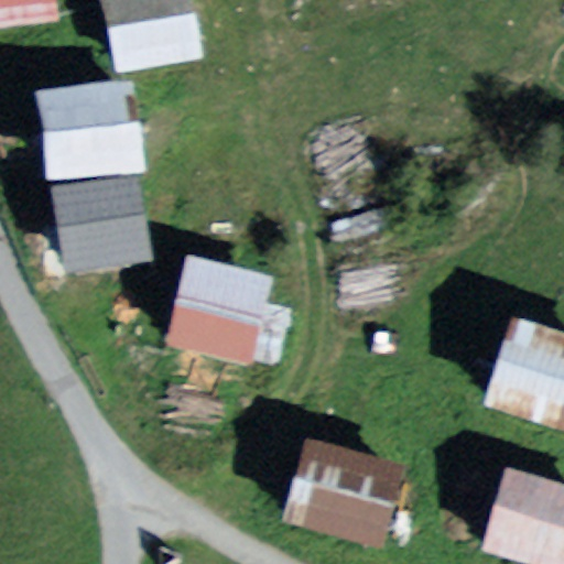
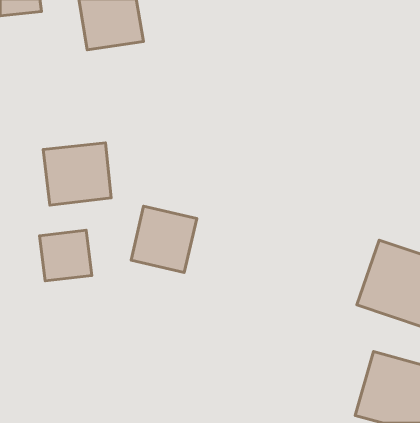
building: [52,91,142,174] -> none
building: none -> [40,230,92,281]
building: [280,435,403,543] -> none

